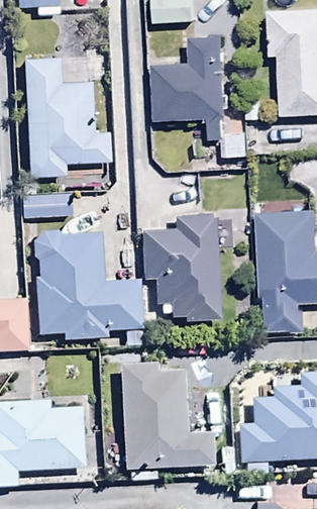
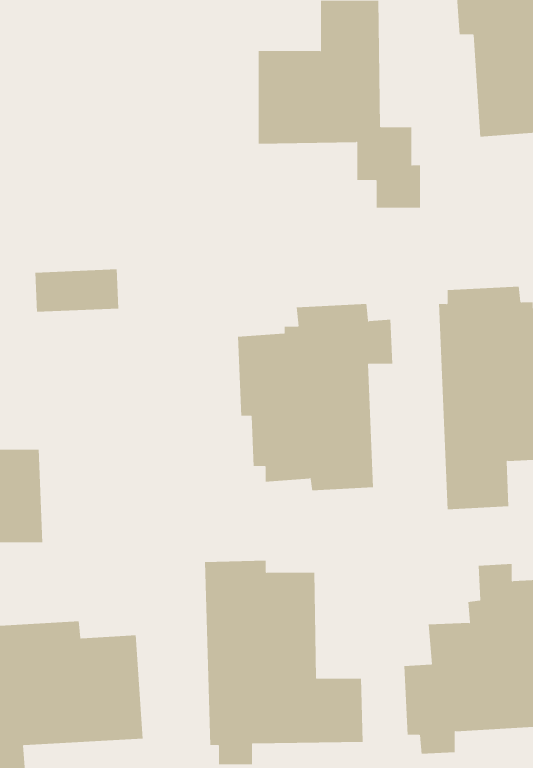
building: [24,57,109,174] -> none
building: [32,228,141,341] -> none

